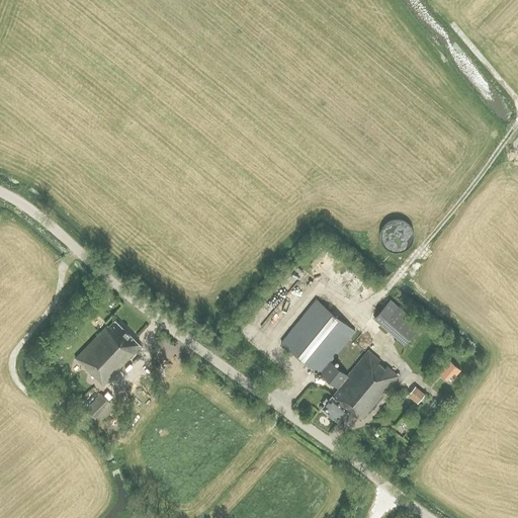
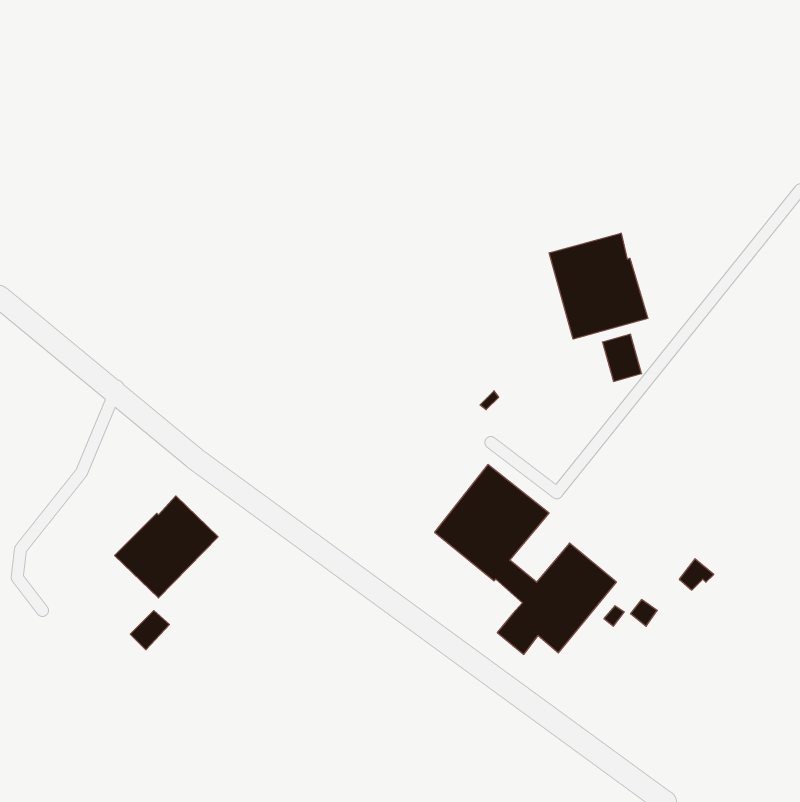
building: none -> [549,233,648,339]
building: [381,308,420,345] -> none

